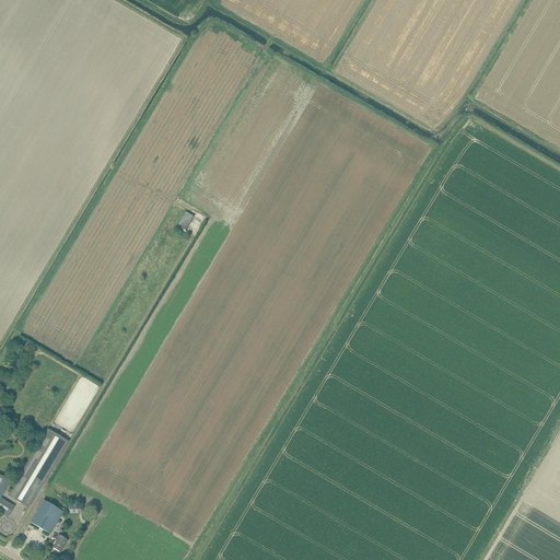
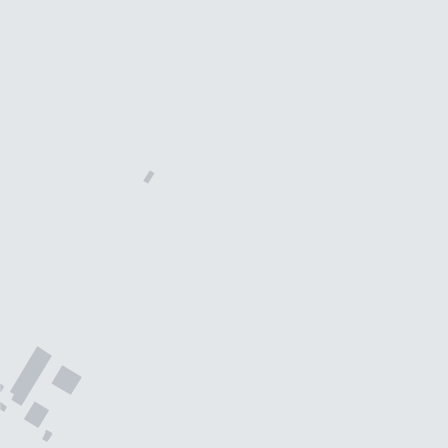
building: none -> [51,364,83,396]

